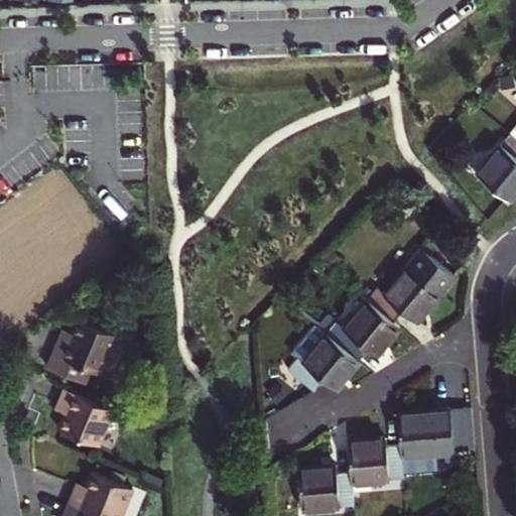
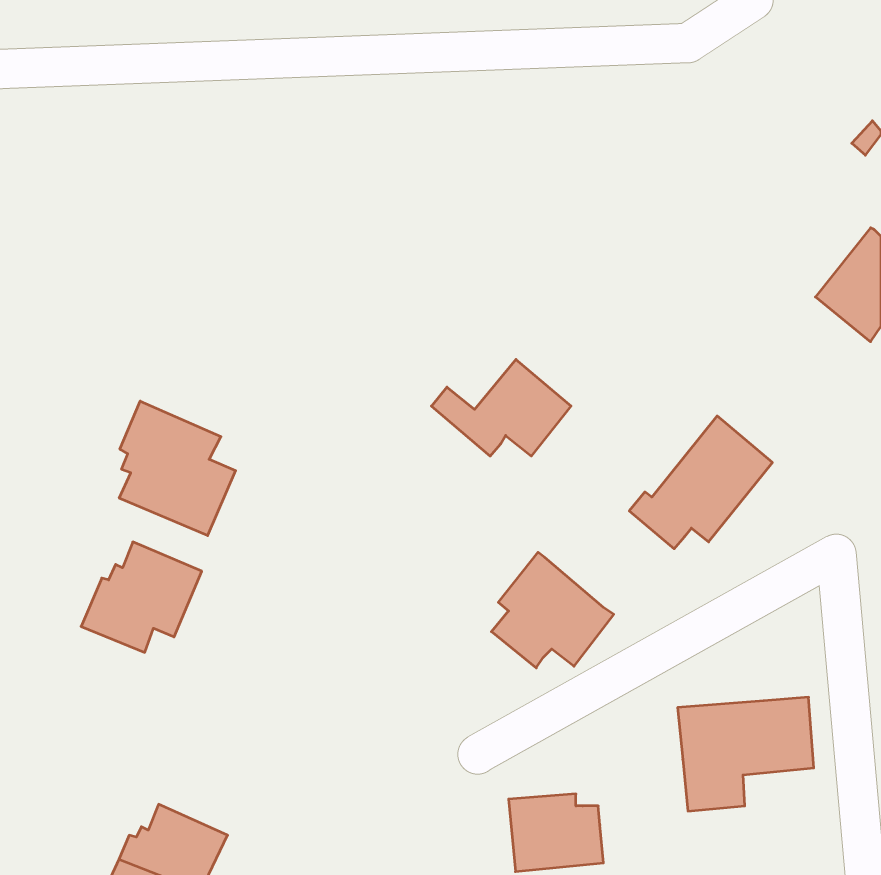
building: none -> [119,401,236,536]
building: [318,302,400,359] -> [431,359,571,456]
building: [57,391,114,447] -> none
building: [347,441,402,486] -> none

